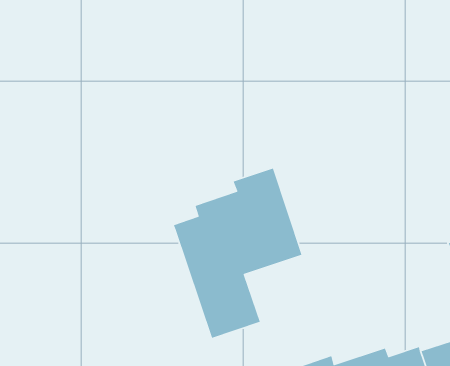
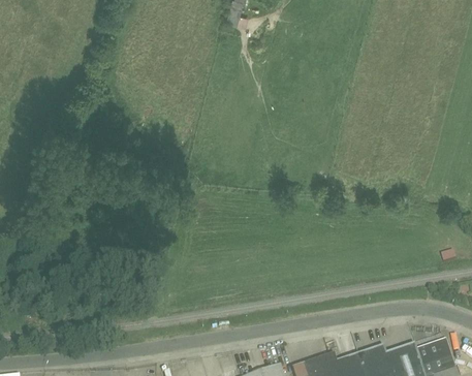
building: [173,167,302,339] -> none

